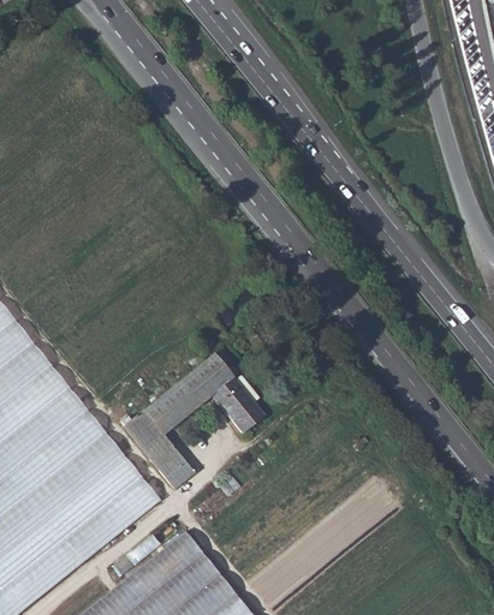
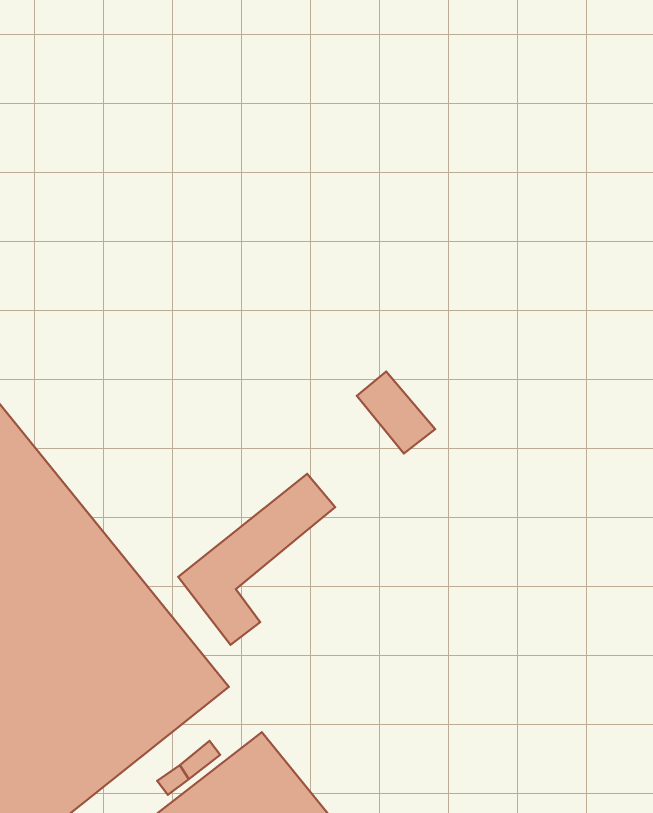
building: [213,376,267,432] -> [357,372,435,454]
building: [161,455,196,488] -> none

